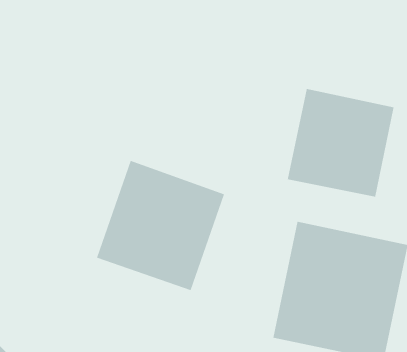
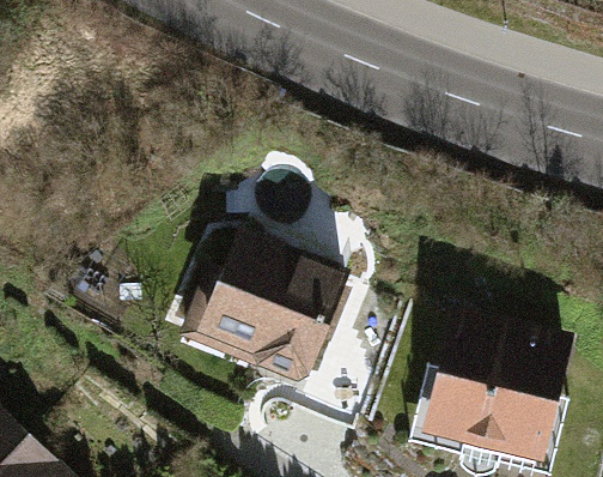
building: [287,88,394,197] -> none

